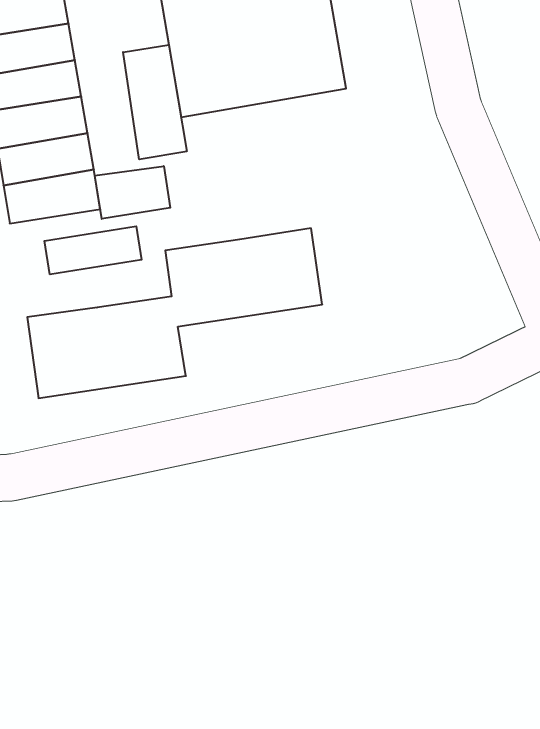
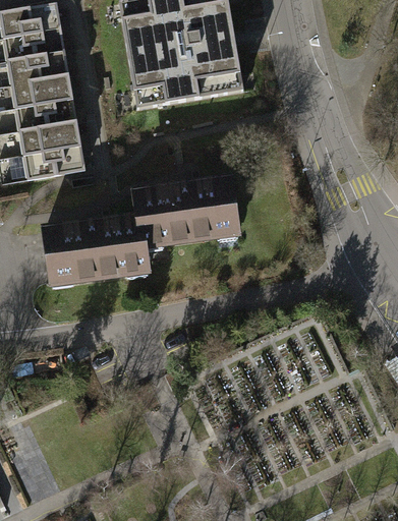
building: [123,45,187,159] -> none
building: [95,166,170,219] -> none
building: [44,226,142,274] -> none

